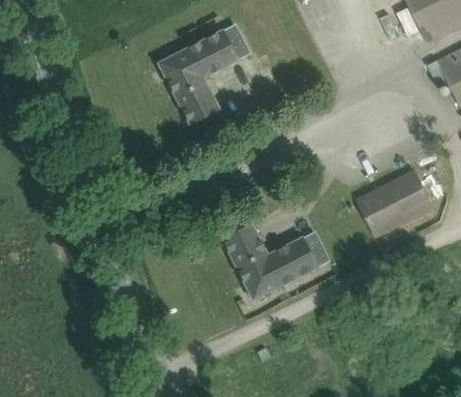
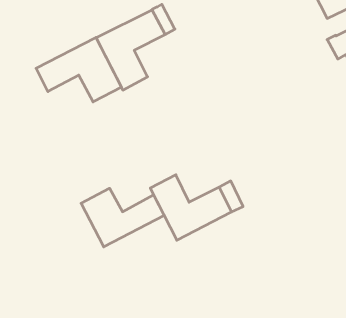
building: none -> [36,37,121,102]
building: [359,171,434,237] -> none
building: none -> [81,188,164,247]

